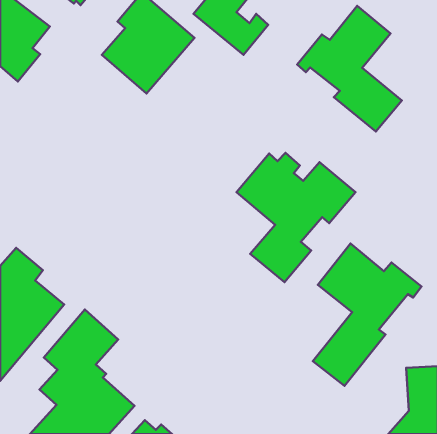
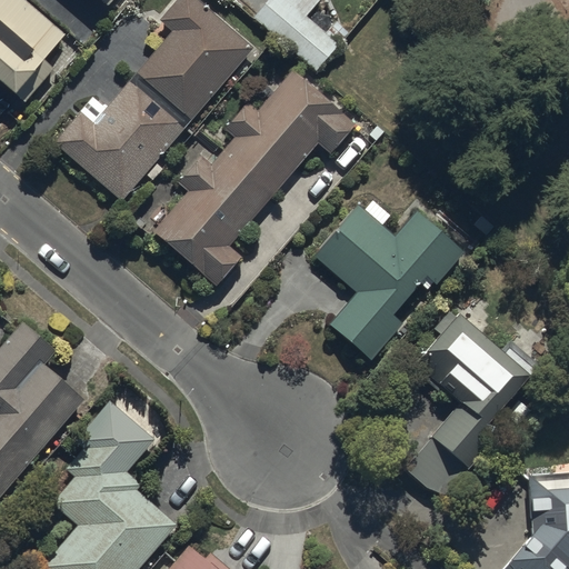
building: [297,6,402,132] -> none
building: none -> [151,72,357,291]
building: none -> [51,81,182,201]

